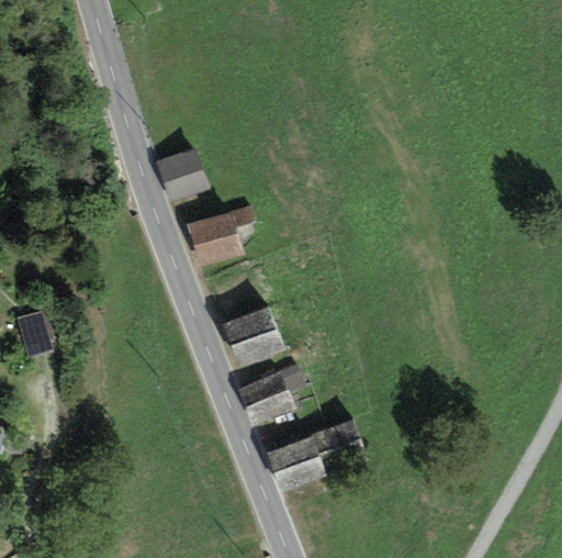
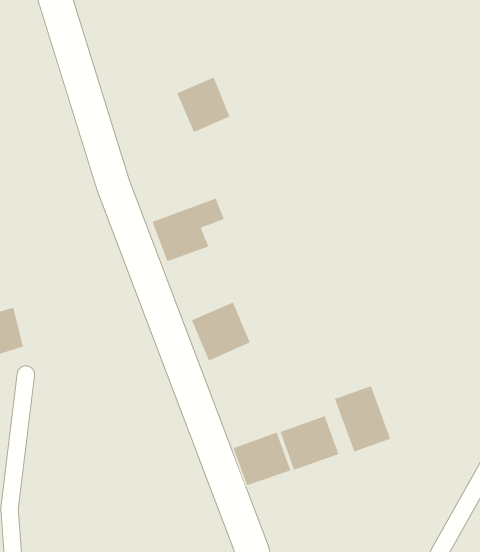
building: [156,145,211,202] -> [176,76,231,133]
building: [238,365,304,425] -> none
building: none -> [334,385,391,453]

